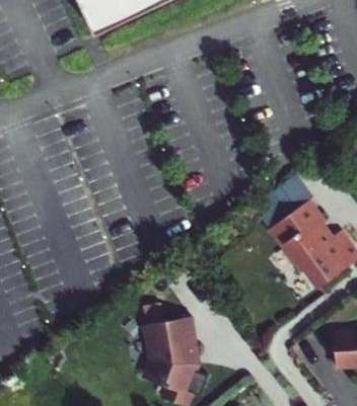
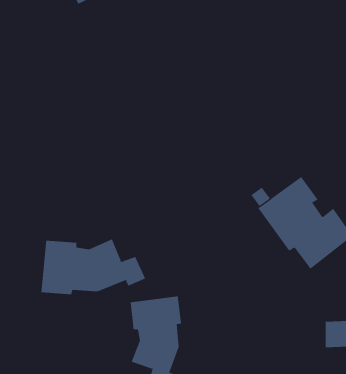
building: none -> [41,239,146,295]

